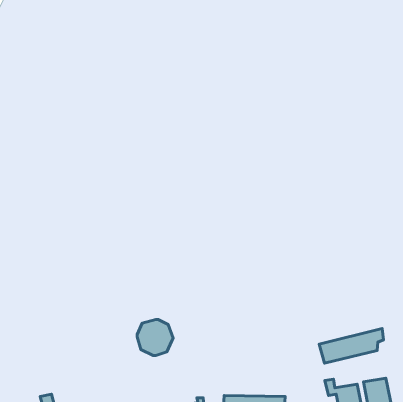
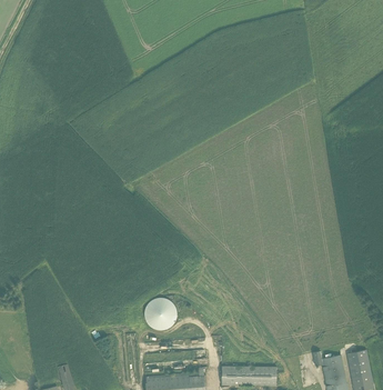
building: [319,329,383,363] -> none

